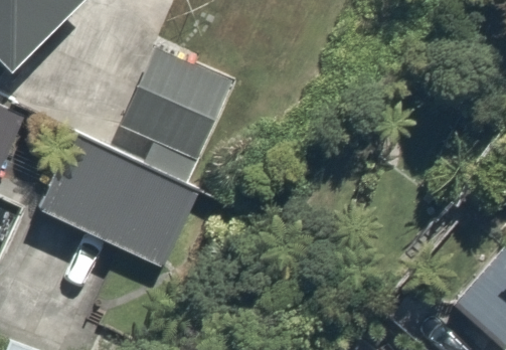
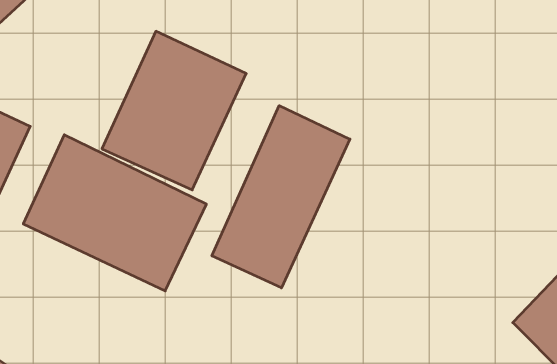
building: none -> [212,106,350,288]

